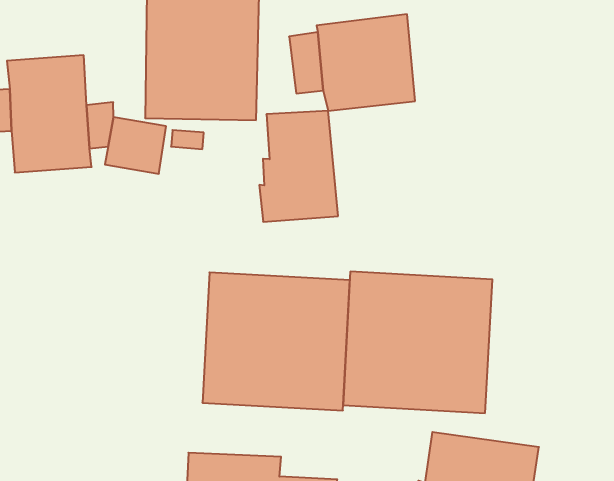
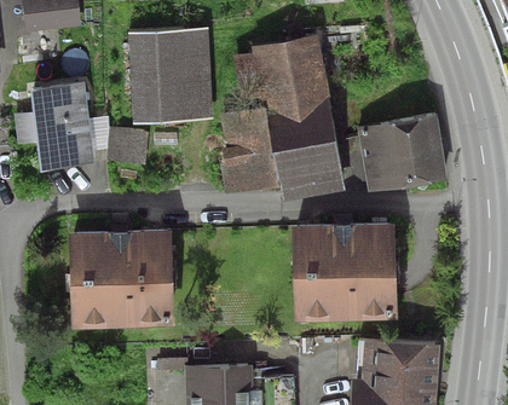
building: none -> [266,96,347,199]
building: none -> [358,112,448,190]
building: [202,272,350,410] -> [68,230,173,328]

